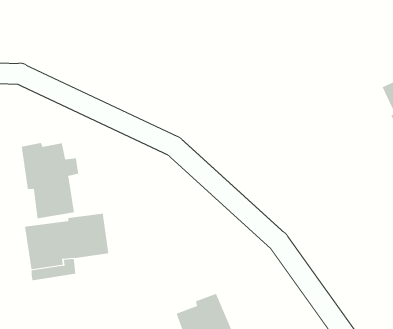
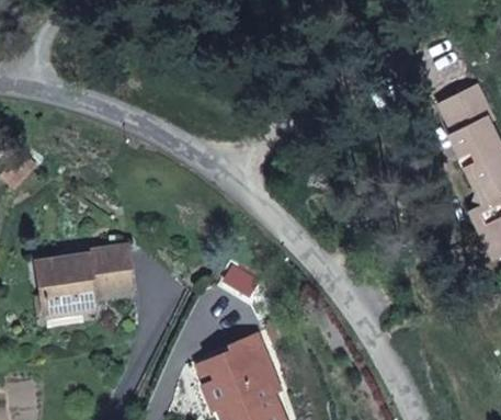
building: [21,142,79,219] -> none

